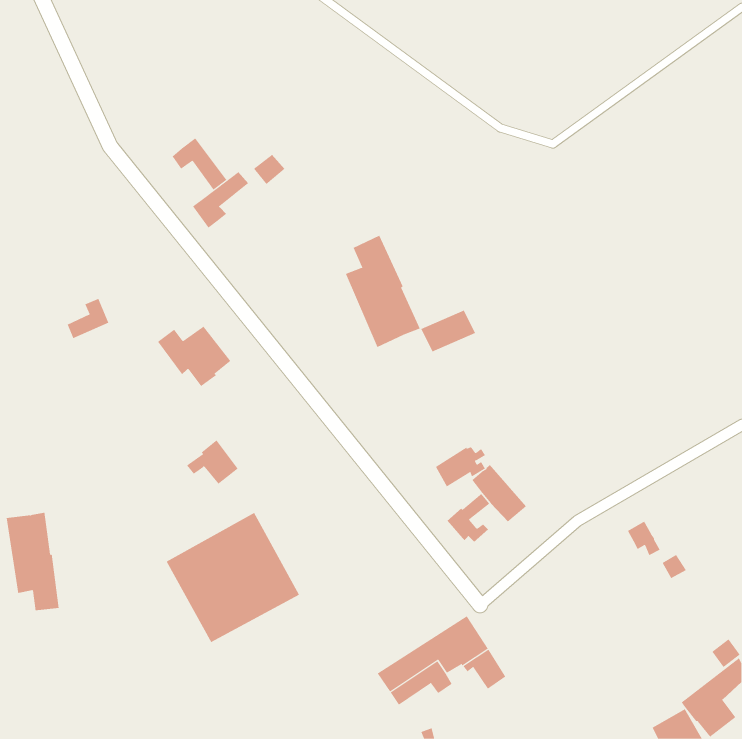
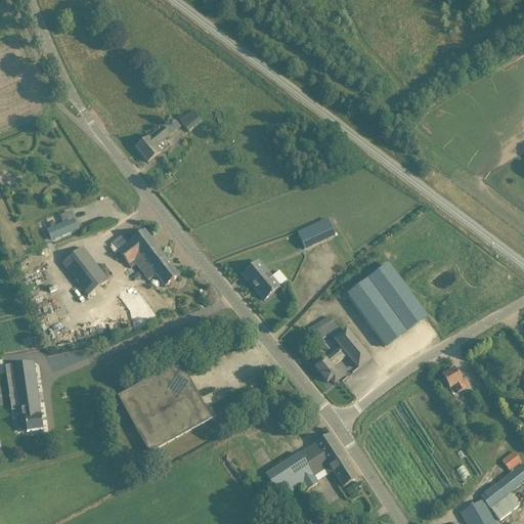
building: [172,138,227,191] -> none
building: [345,235,420,348] -> none
building: none -> [60,246,107,295]
building: none -> [242,259,278,298]
building: none -> [347,264,426,345]
building: [186,439,239,485] -> [141,254,178,286]

